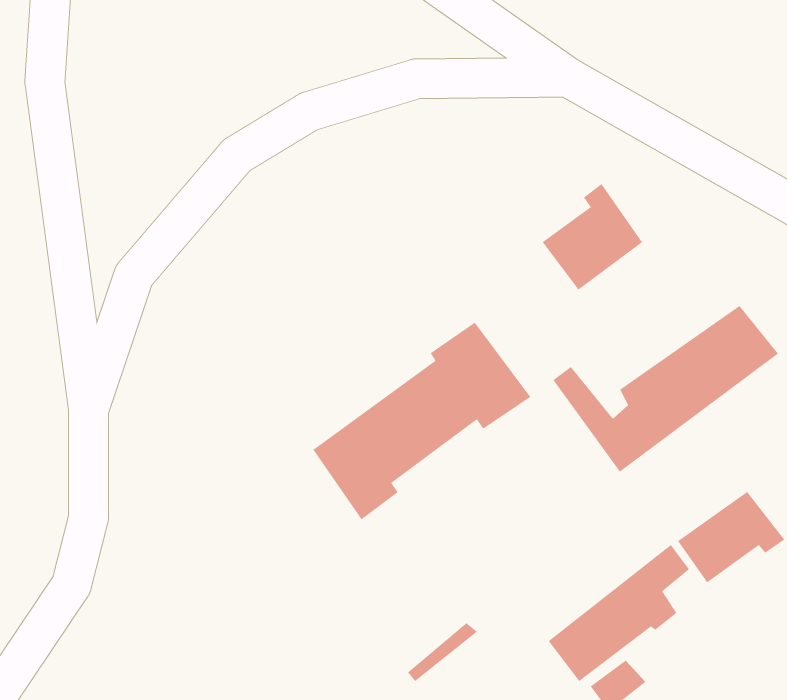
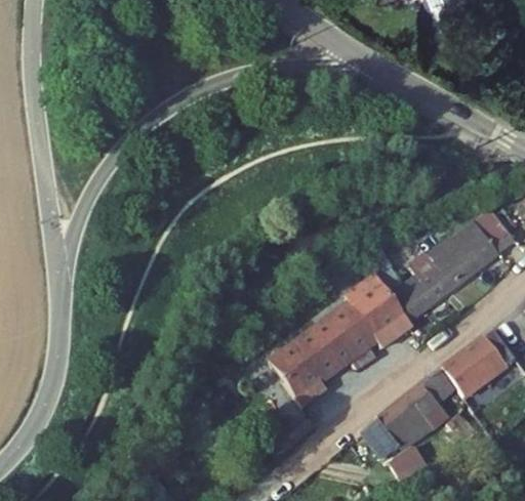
building: [542,183,643,291] -> none
building: [313,322,531,520] -> [268,278,411,408]

